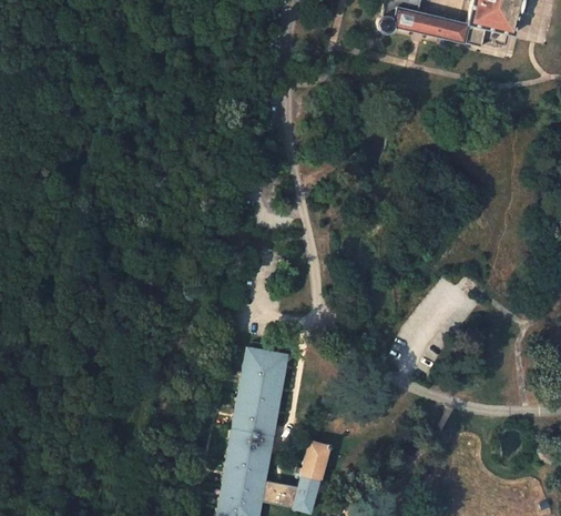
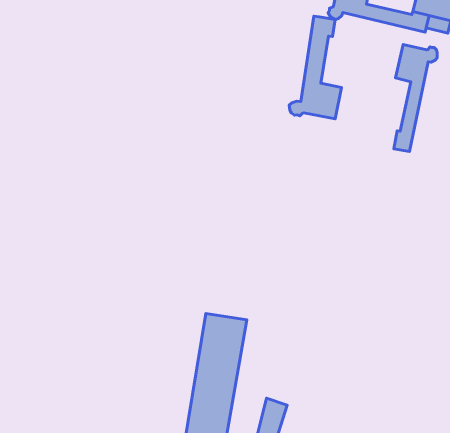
building: none -> [289,16,341,119]
building: none -> [394,45,437,152]

